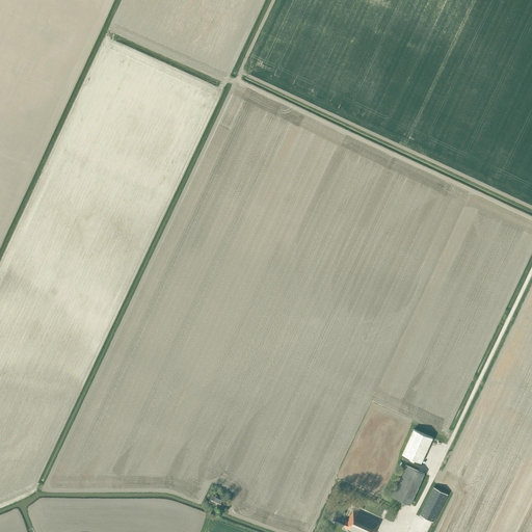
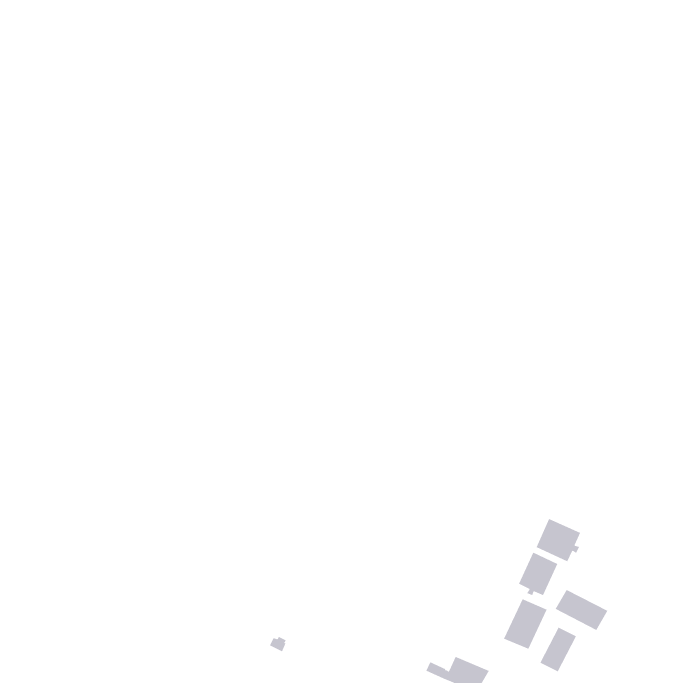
building: none -> [536,518,581,562]
building: none -> [555,589,608,631]

